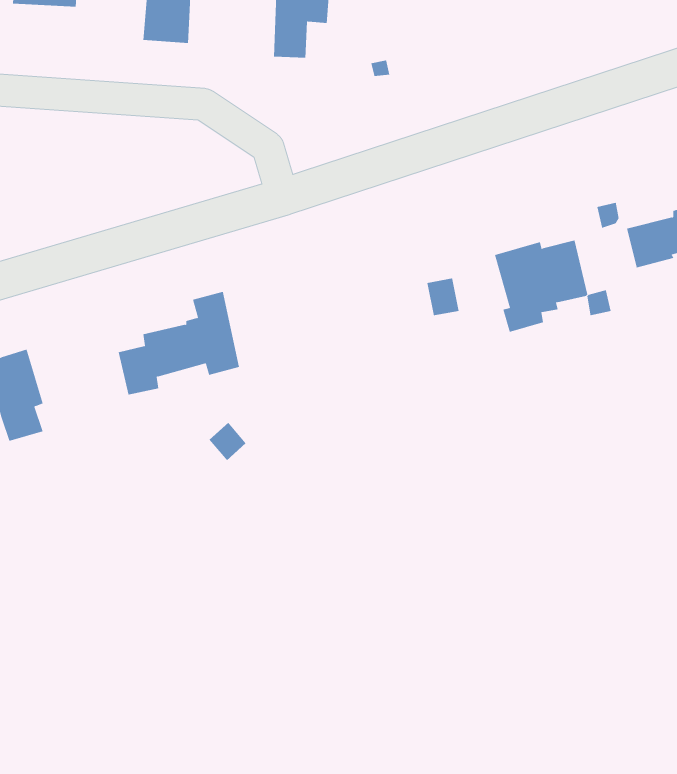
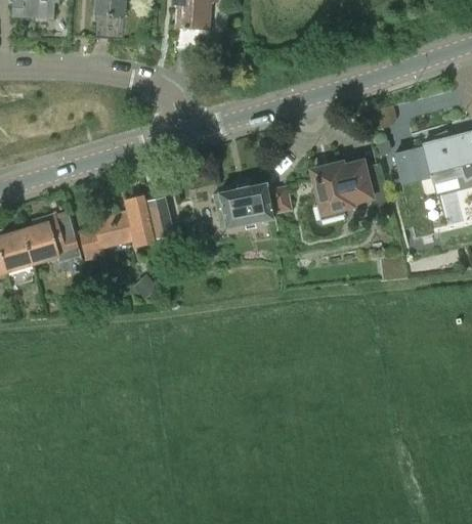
building: none -> [213,182,273,228]
building: none -> [147,198,173,236]
building: none -> [23,213,79,263]

